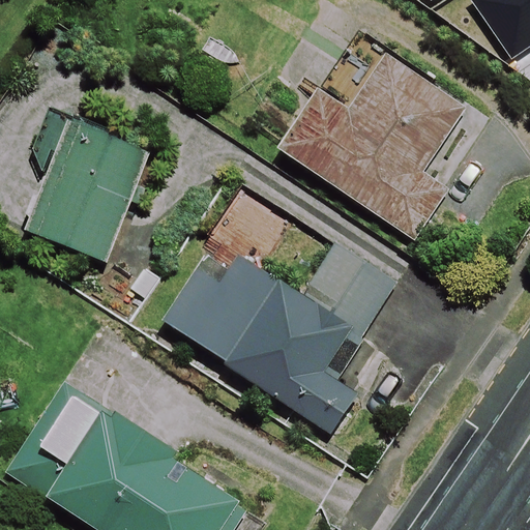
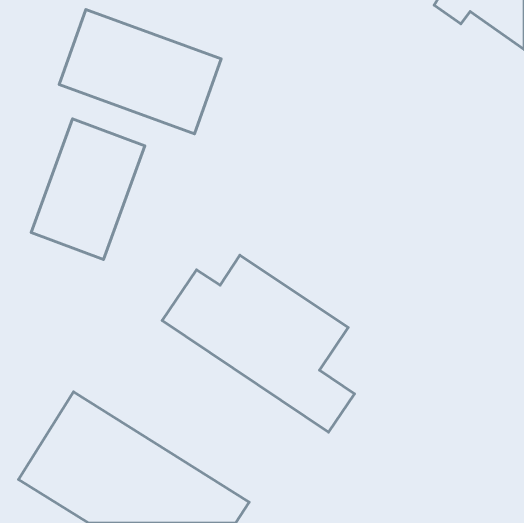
building: none -> [59,10,221,134]
building: [281,56,479,238] -> none

